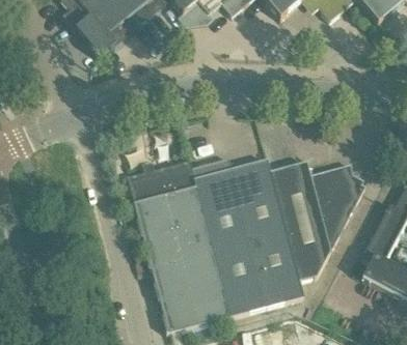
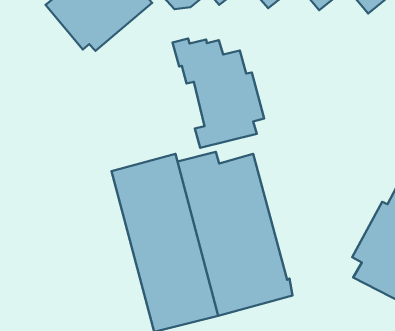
building: none -> [172,38,264,148]
building: [266,156,367,279] -> none

